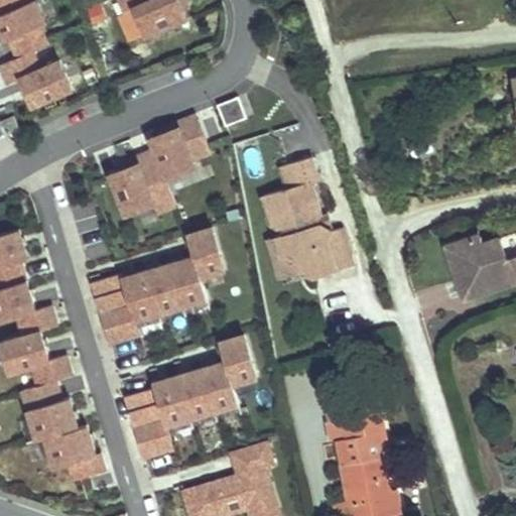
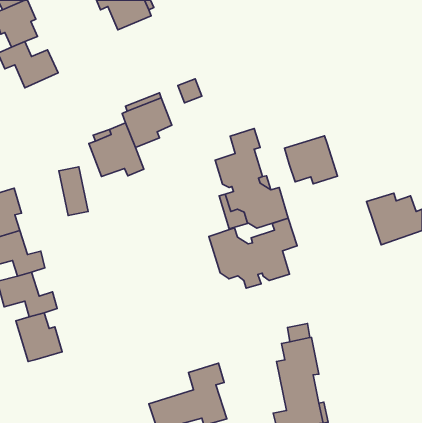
building: none -> [284,136,337,184]
building: [89,228,223,345] -> none
building: none -> [209,218,297,288]
building: [123,335,255,459] -> none
building: [42,426,103,482] -> none

